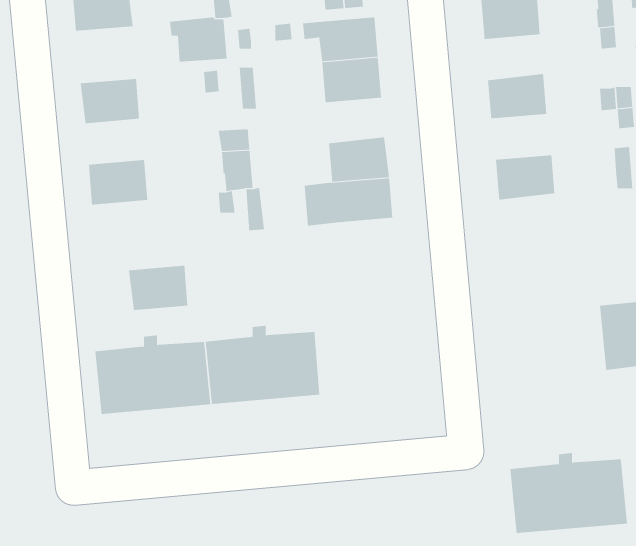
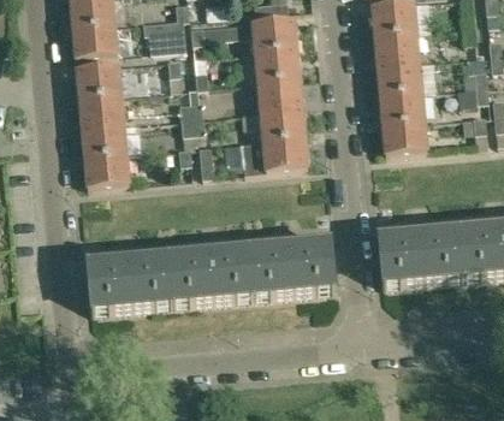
building: none -> [71,22,117,55]
building: none -> [374,28,419,61]
building: none -> [256,75,301,108]
building: none -> [379,87,425,120]
building: none -> [78,90,123,124]
building: [128,265,188,311] -> [83,150,128,184]
building: none -> [249,236,334,295]
building: [509,452,628,534] -> [376,224,464,284]

